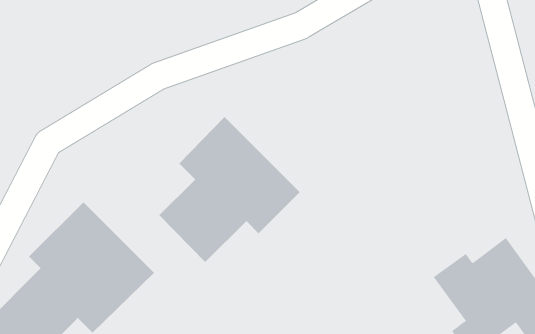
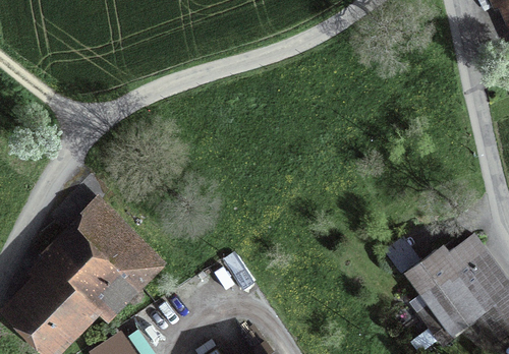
building: [159,116,301,263] -> none

